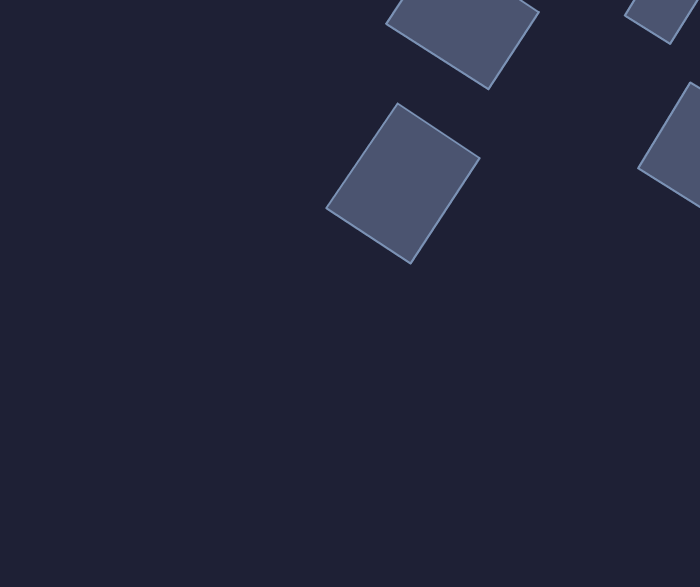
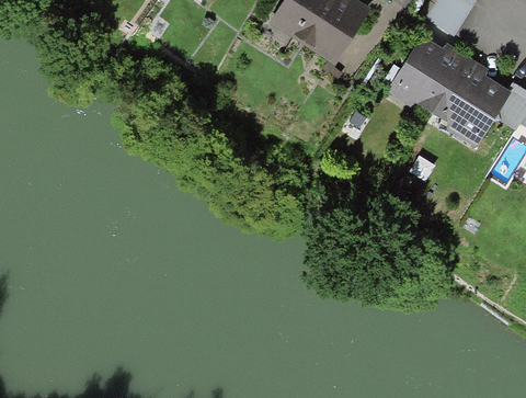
building: none -> [390,32,468,114]
building: [326,103,480,264] -> none

